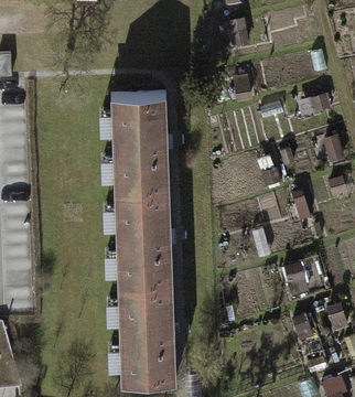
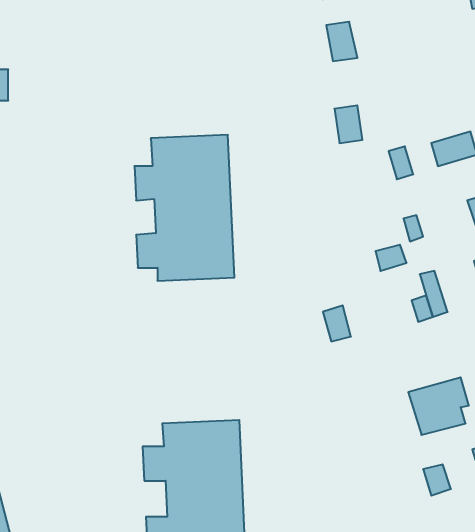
building: [103,192,170,290] -> none

